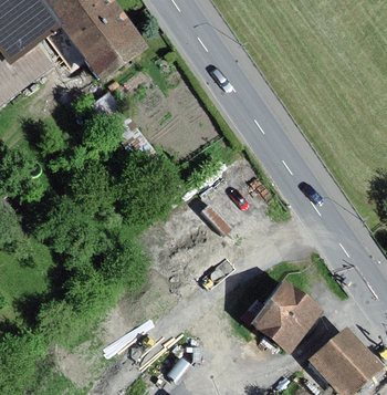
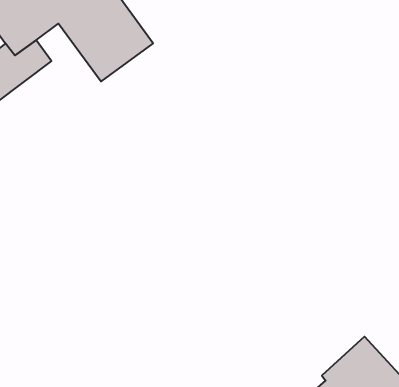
building: [248,279,322,354] -> none

